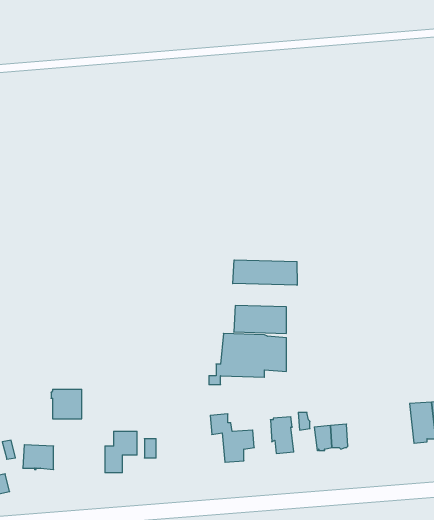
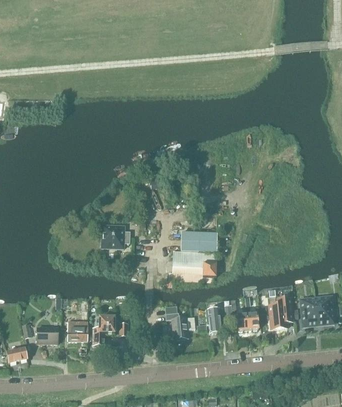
building: [233,260,297,285] -> none
building: none -> [101,225,130,248]
building: [51,389,82,419] -> [66,321,87,341]
building: none -> [268,298,292,329]

